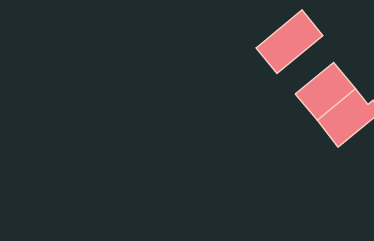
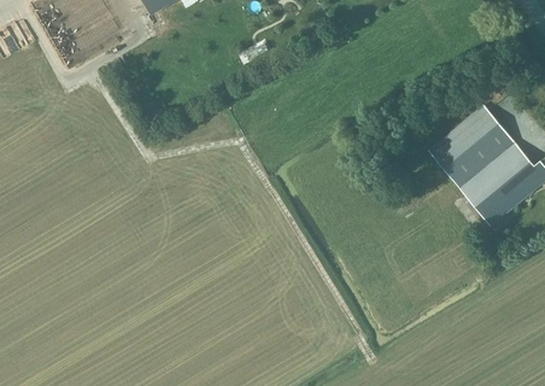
building: [256,10,323,74] -> none

